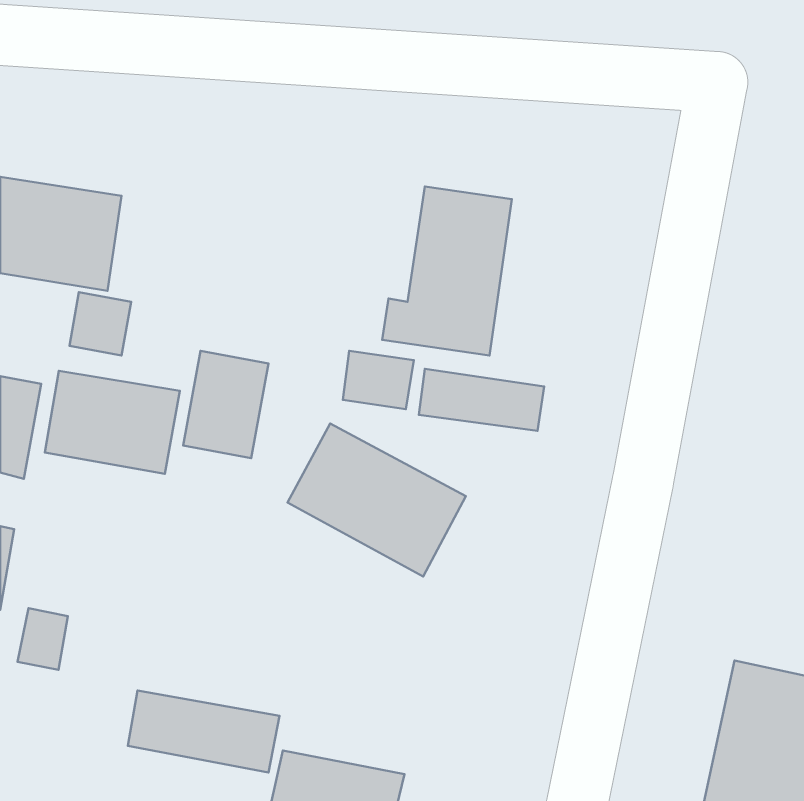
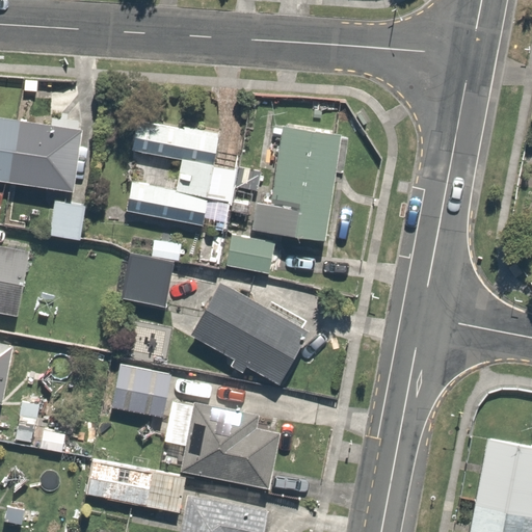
building: none -> [126,128,222,227]
building: [419,369,544,431] -> none
building: [45,371,180,474] -> none
building: none -> [112,362,174,417]
building: none -> [177,401,281,491]

